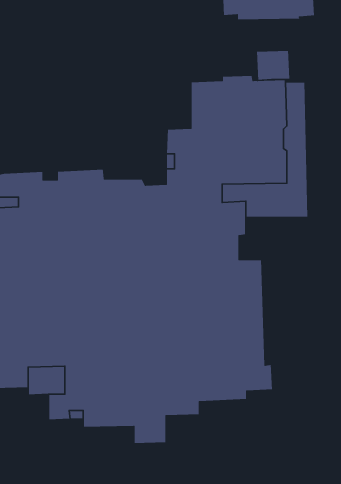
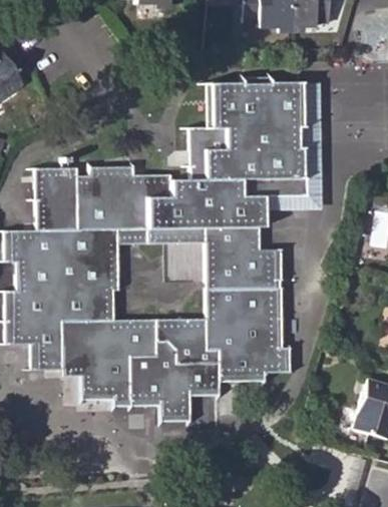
building: [256,50,290,80] -> none

